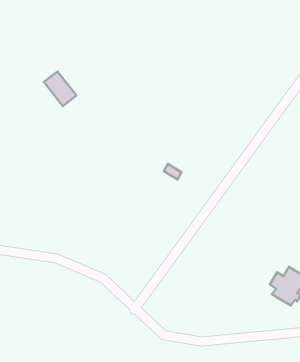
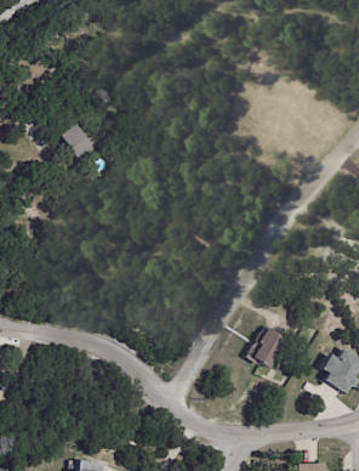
building: none -> [251,328,285,368]

